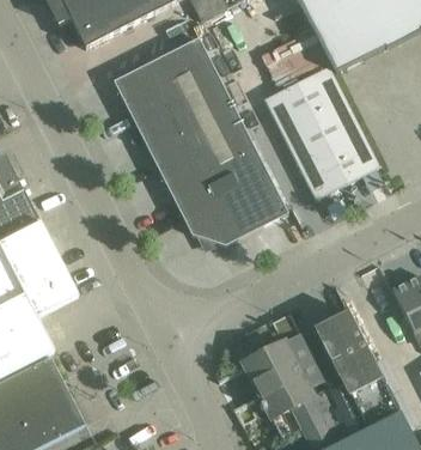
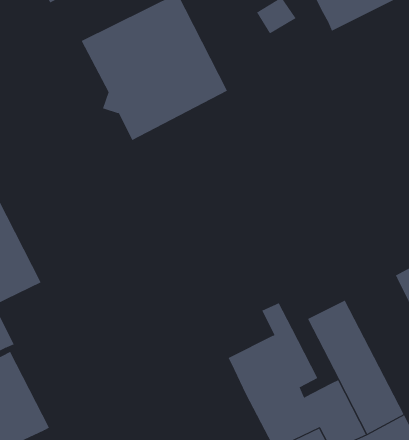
building: [264,66,379,199] -> none
building: [158,124,287,249] -> none

